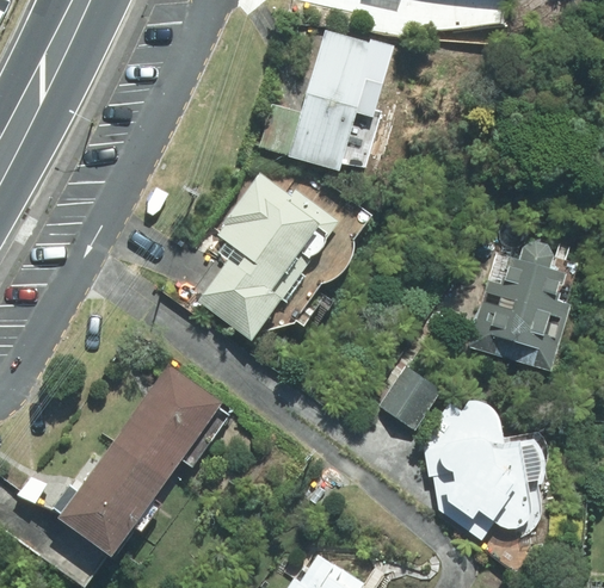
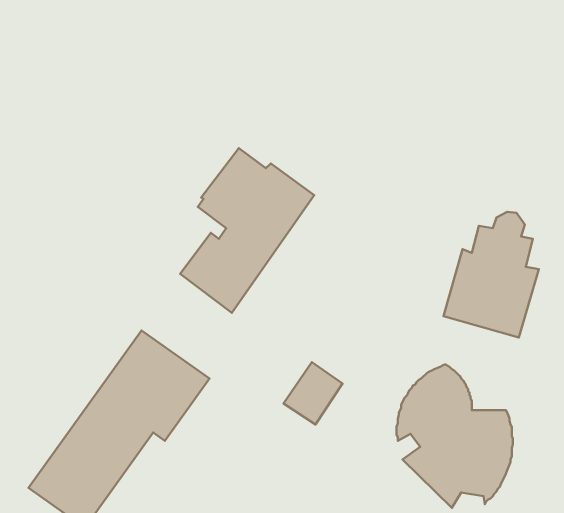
building: [266,32,384,175] -> none
building: [377,367,437,431] -> [284,362,342,425]

